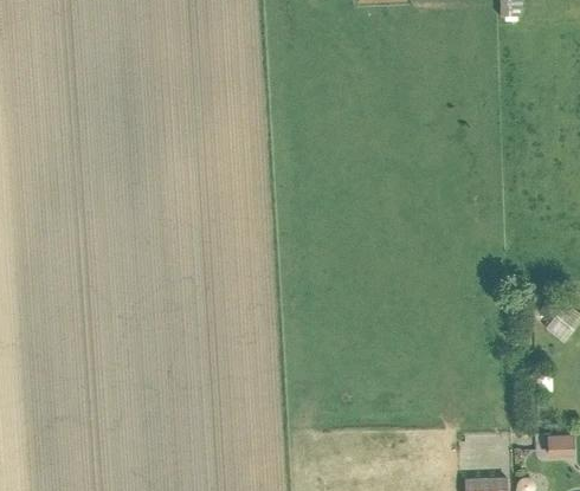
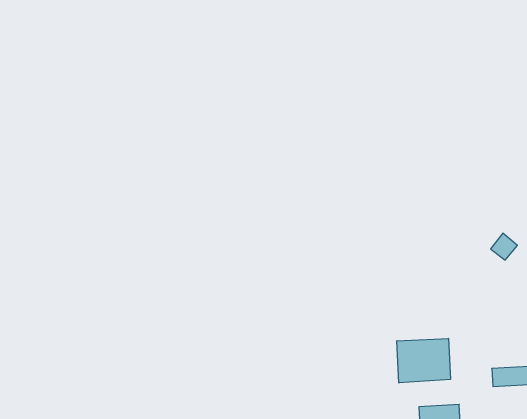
building: none -> [397,338,450,383]

